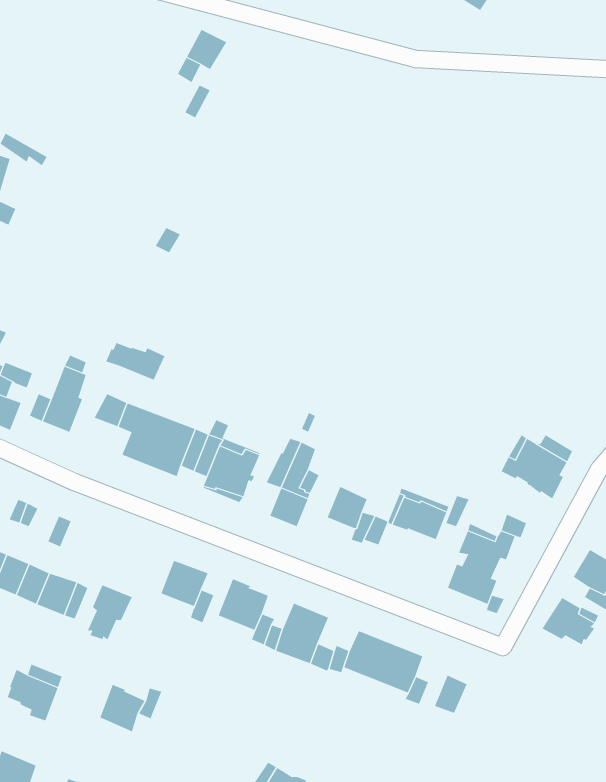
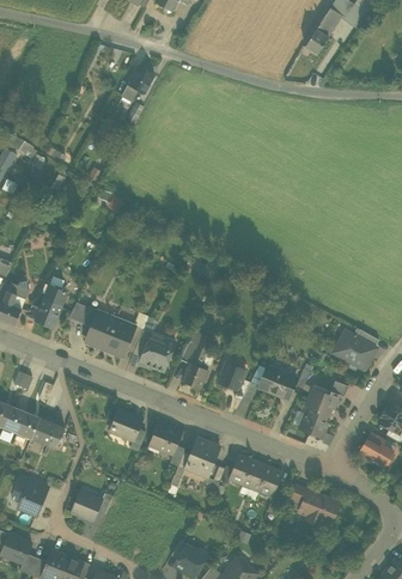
building: [106,342,165,380] -> none
building: [87,585,133,640] -> none
building: none -> [300,493,336,524]

